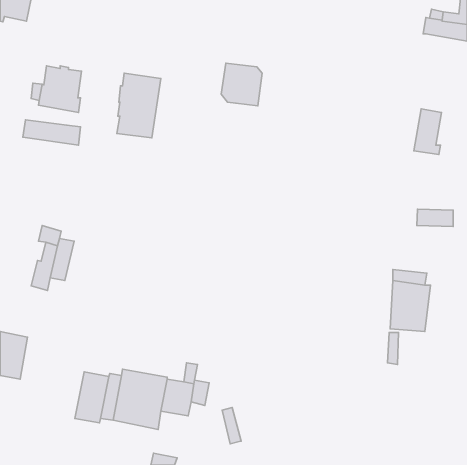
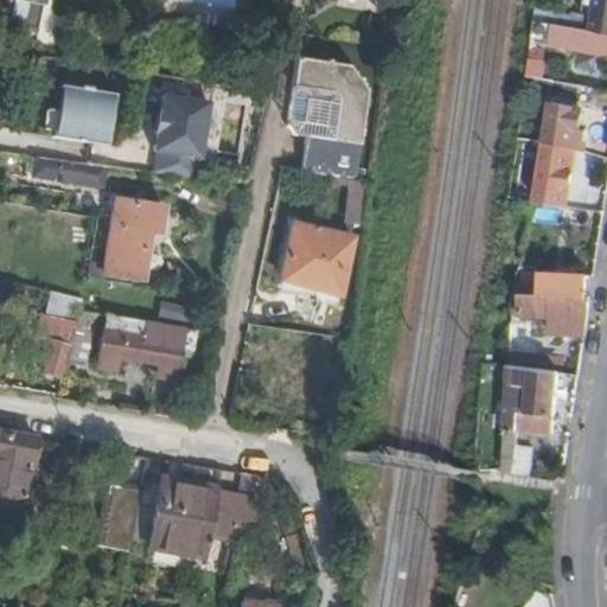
building: none -> [293,53,369,180]
building: none -> [547,101,580,146]
building: none -> [103,198,162,280]
building: none -> [280,223,353,293]
building: none -> [512,290,590,333]
building: none -> [97,315,196,379]

